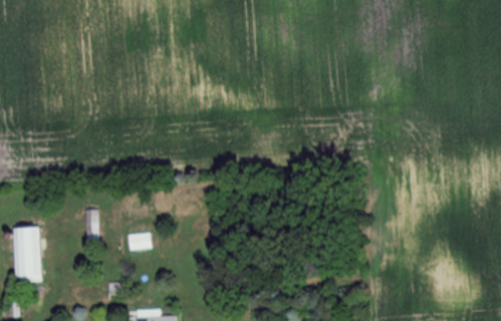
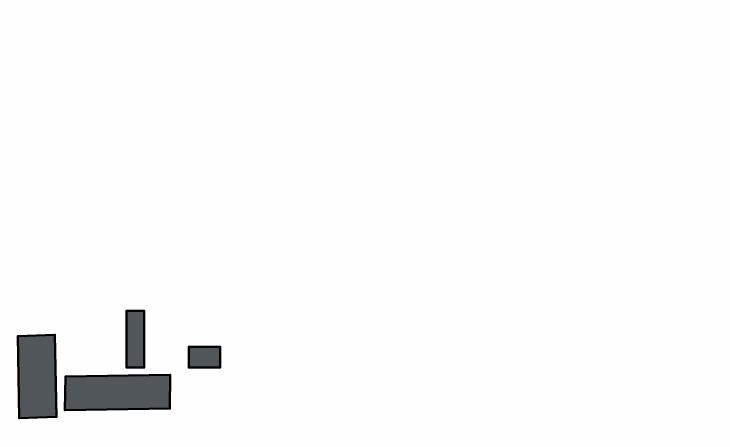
building: none -> [65,375,170,410]

